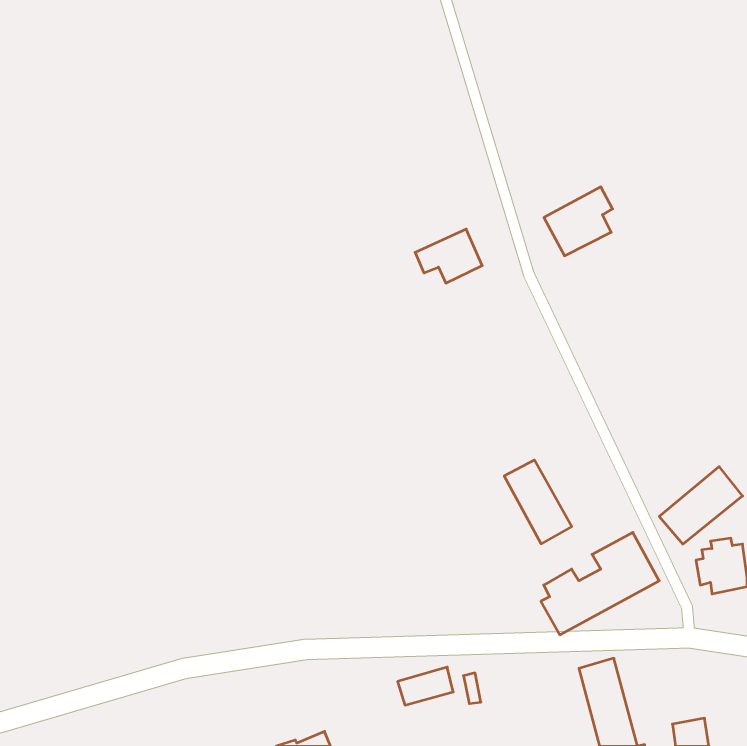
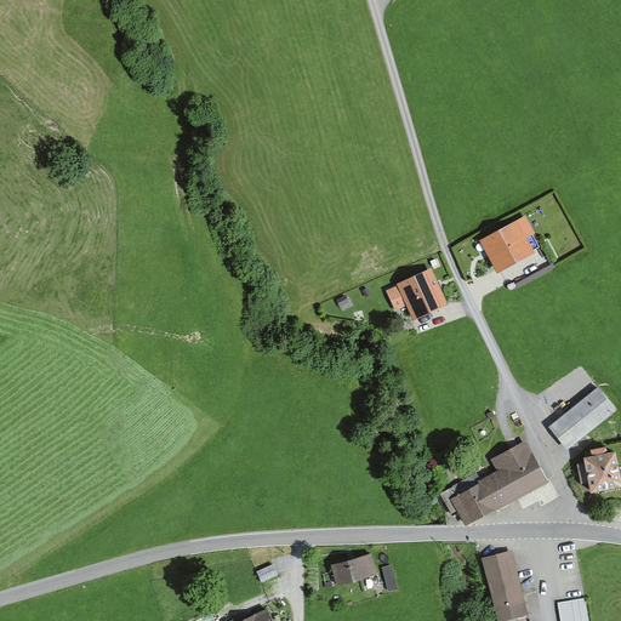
building: [544,187,613,256] -> [478,216,535,273]
building: [415,229,482,283] -> [388,270,444,315]
building: [504,460,572,544] -> none

